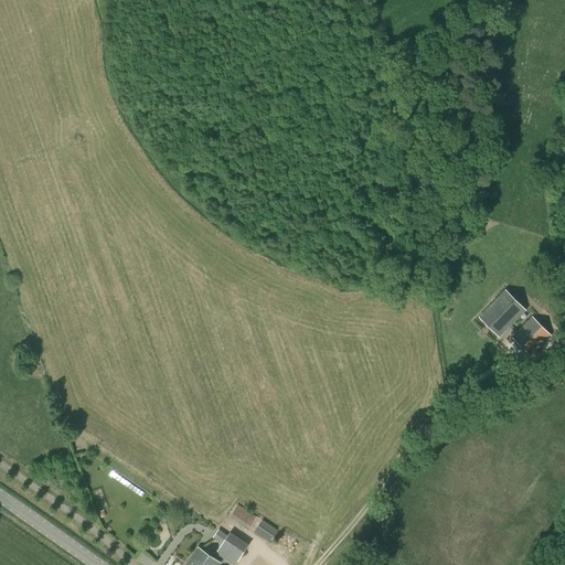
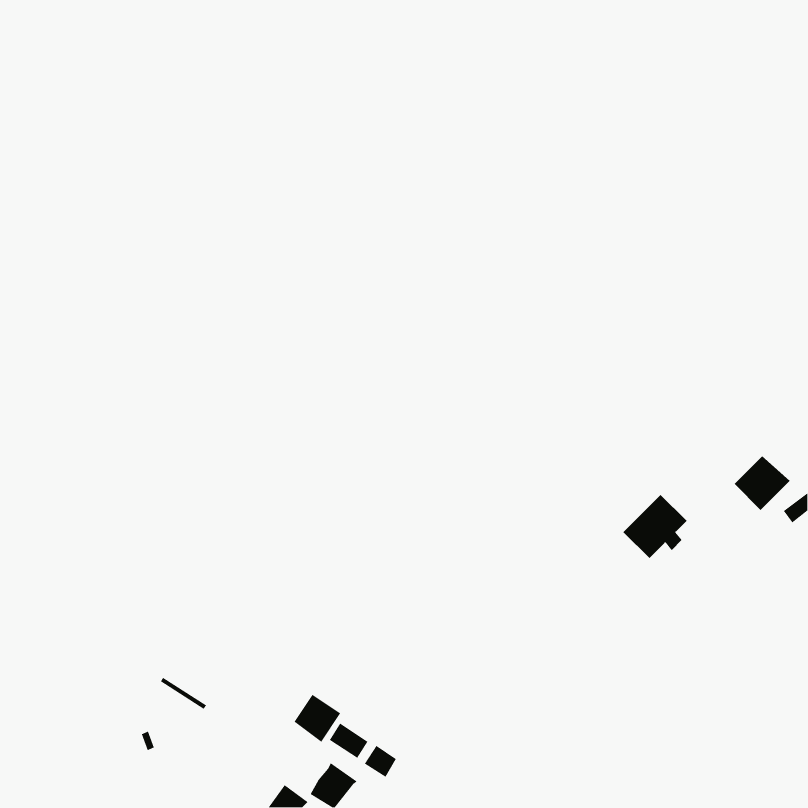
building: [480,291,525,337] -> [623,494,687,559]
building: none -> [294,694,341,743]

